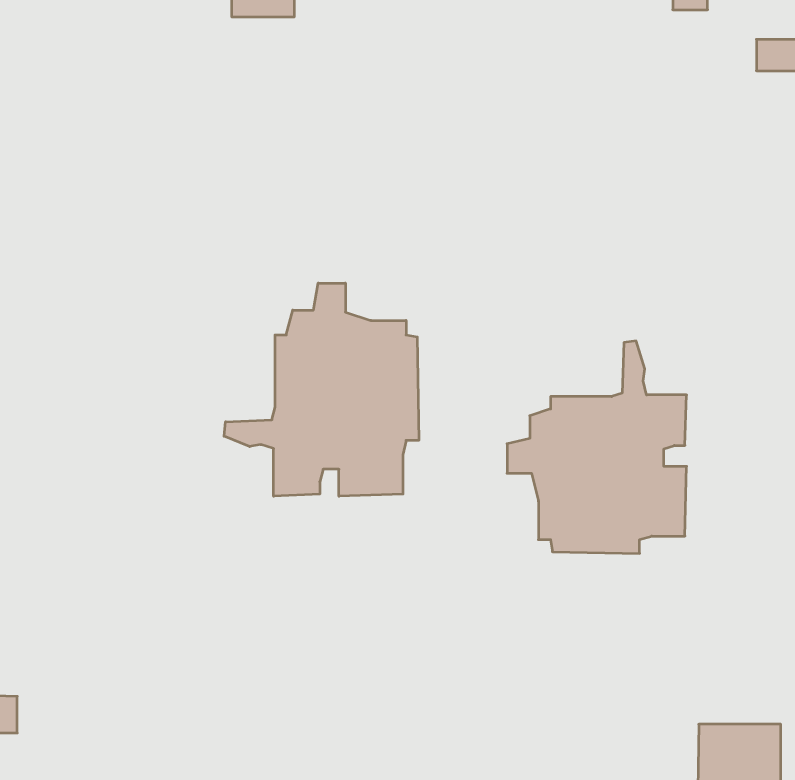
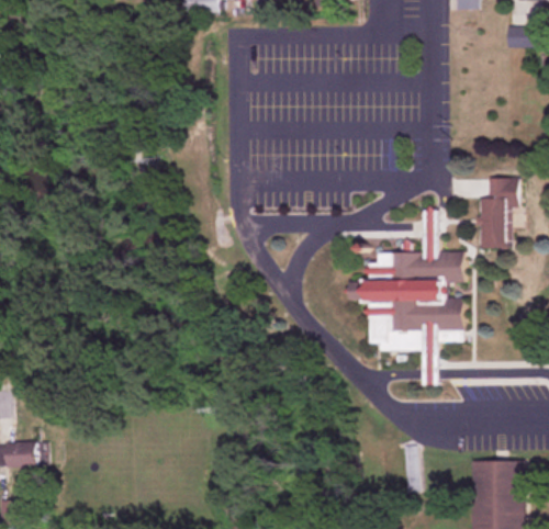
building: none -> [480,178,518,249]
building: [224,283,419,496] -> none

